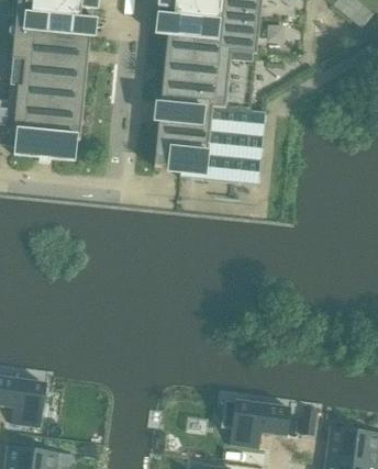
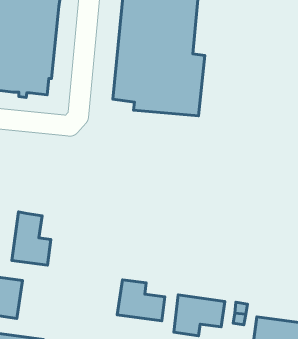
building: none -> [12,212,51,265]
building: none -> [117,280,165,321]

